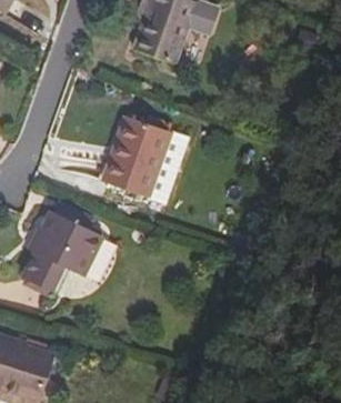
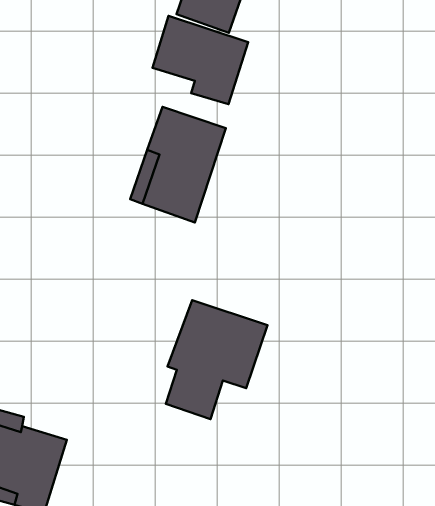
building: none -> [153,16,248,104]
building: [37,211,110,296] -> [166,300,268,419]

